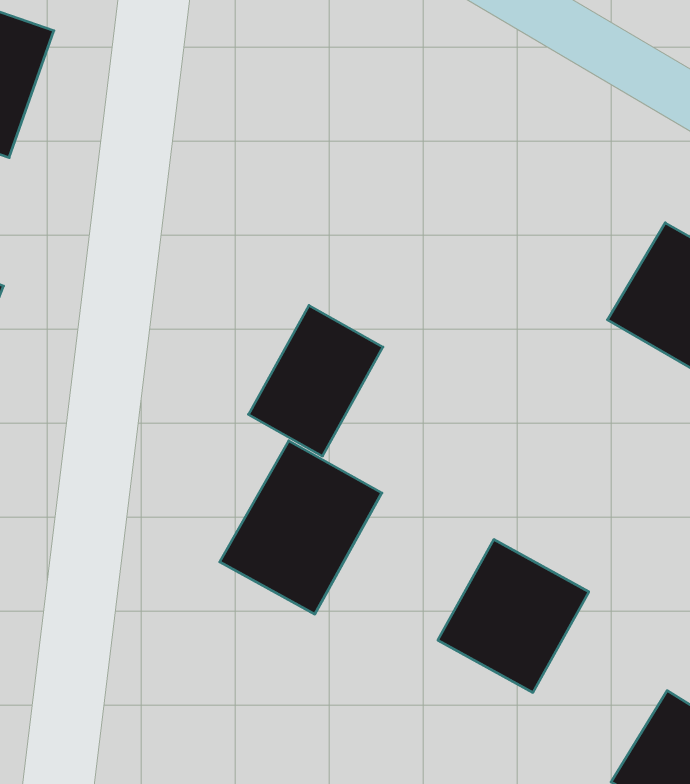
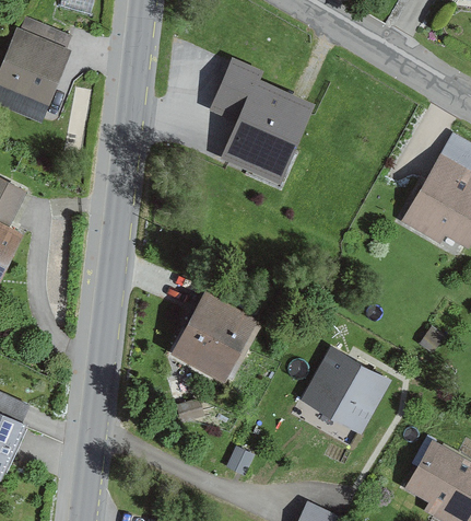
building: none -> [190,57,318,184]
building: [248,305,383,456] -> none

